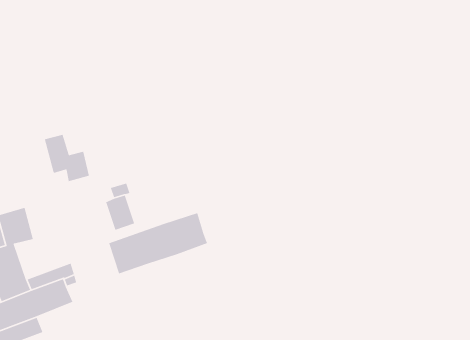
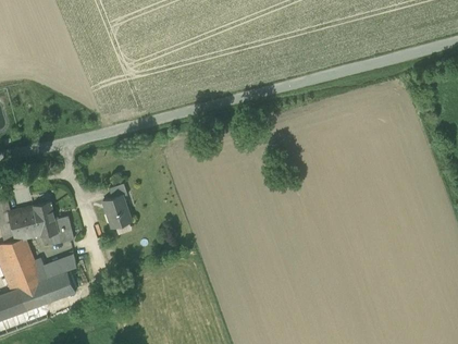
building: [44,134,90,182] -> [32,200,73,244]
building: [108,212,208,274] -> none

